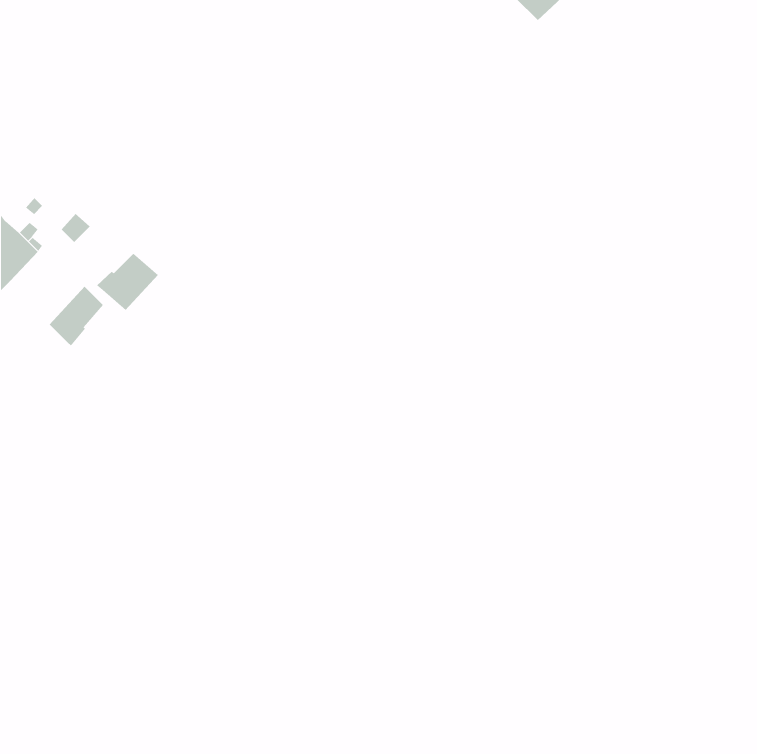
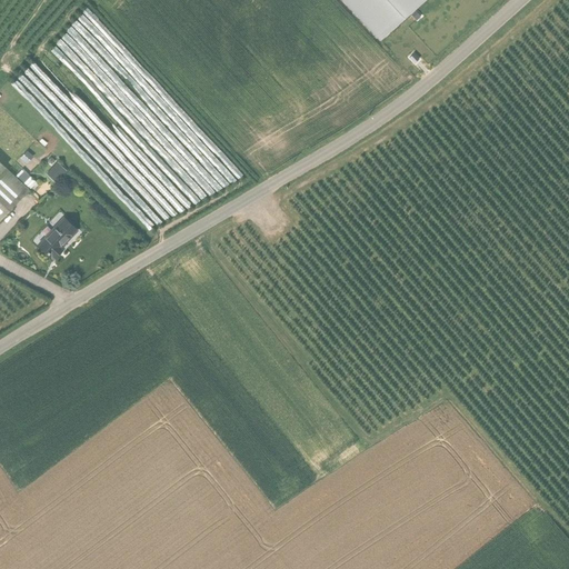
building: [96,253,159,311] -> none

